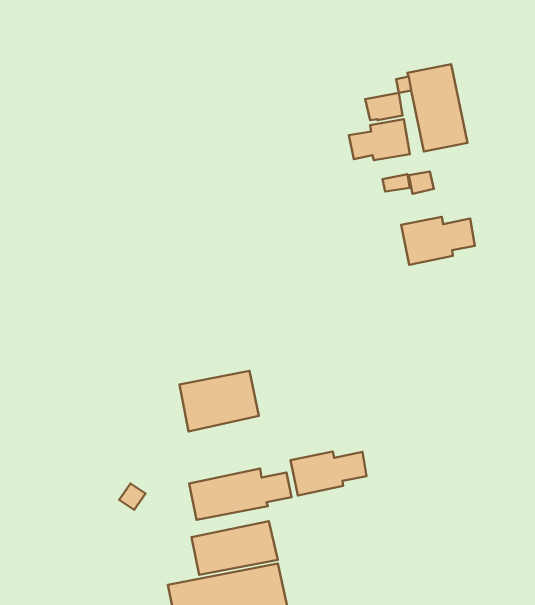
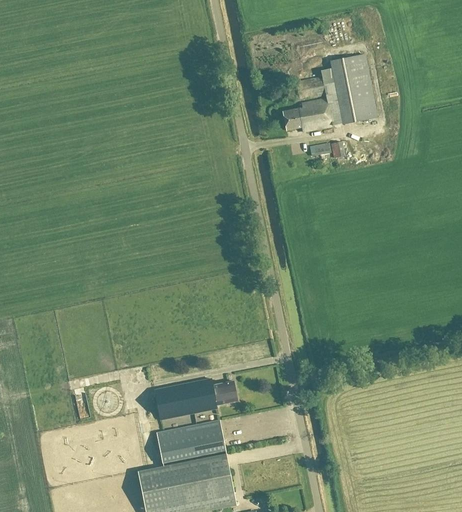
building: [401,217,475,265] -> none
building: [180,371,259,431] -> none
building: [290,452,366,496] -> none

